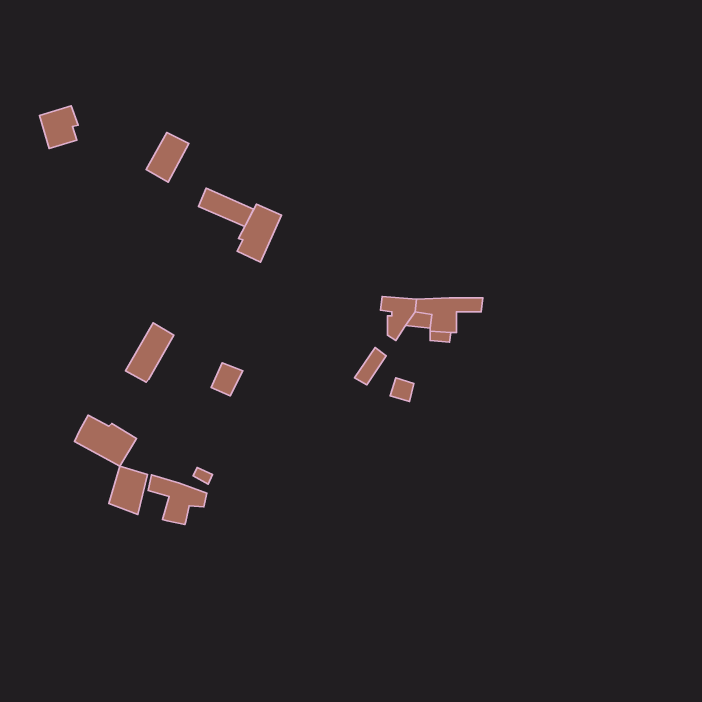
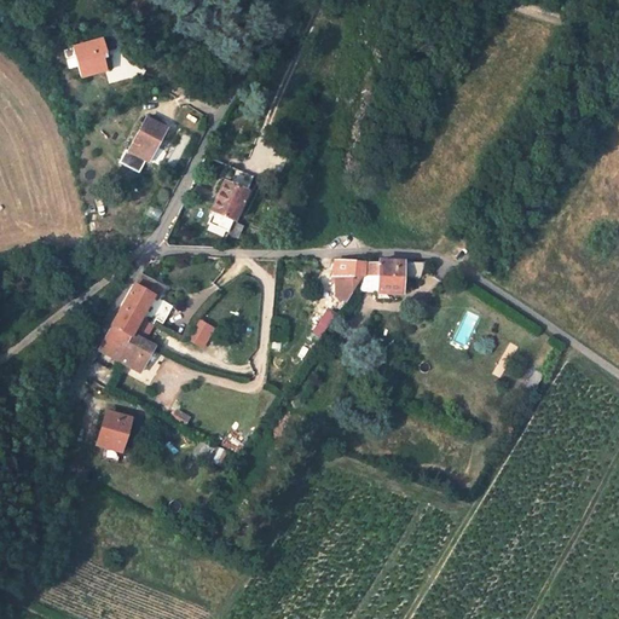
building: [39,106,78,149] -> [75,37,109,75]
building: [199,188,254,226] -> none
building: [74,415,137,466] -> [100,325,155,370]
building: [148,475,207,524] -> none

